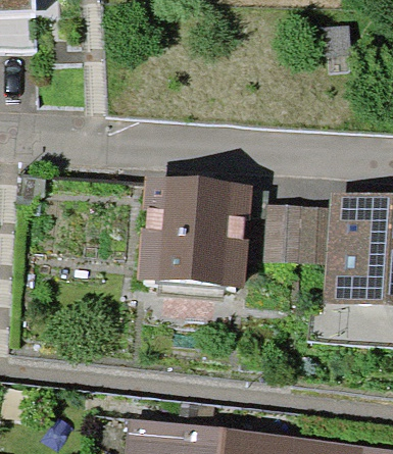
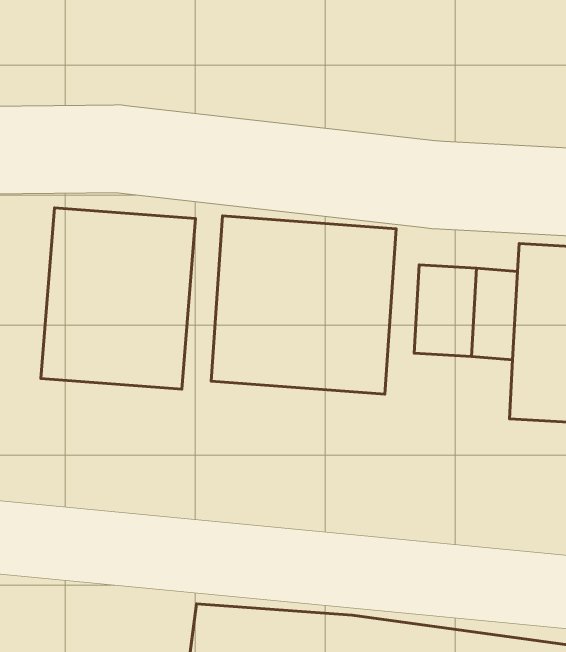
building: none -> [41,208,196,389]

